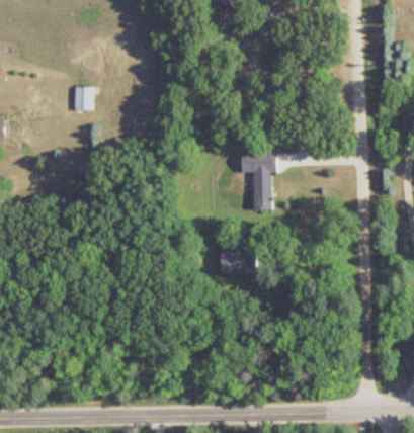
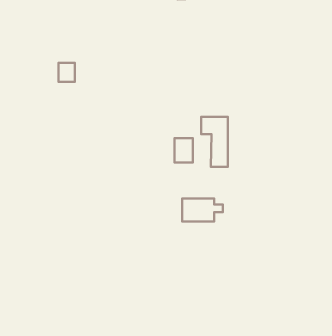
building: none -> [175,138,193,162]

